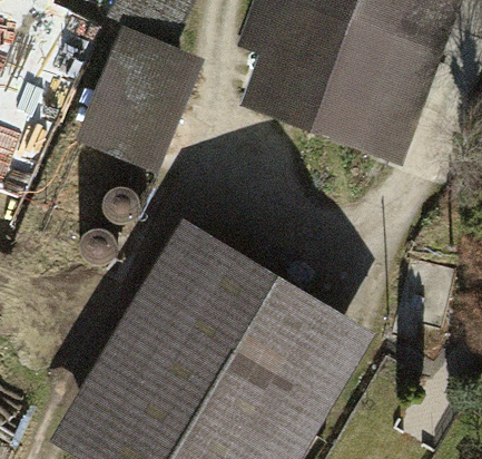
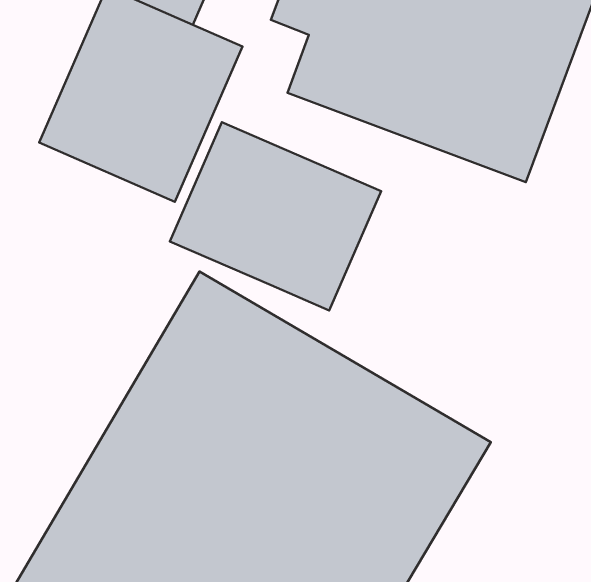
building: none -> [170,122,381,311]

